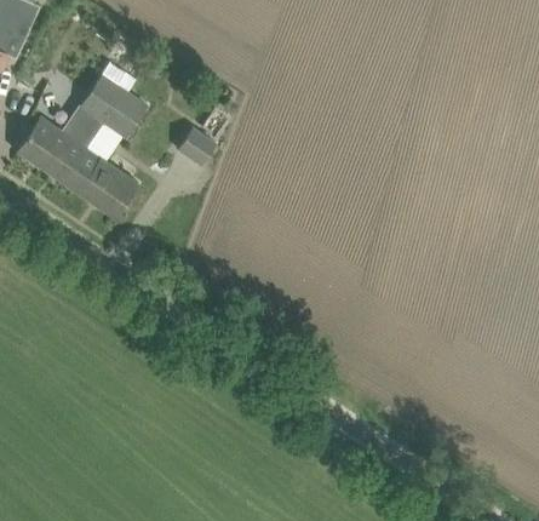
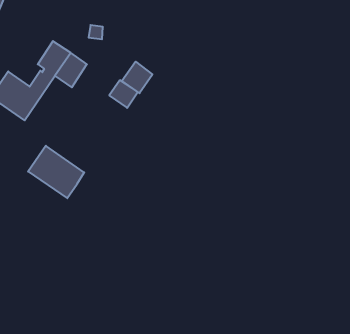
building: none -> [122,62,152,93]
building: [62,147,138,218] -> [28,146,84,198]

